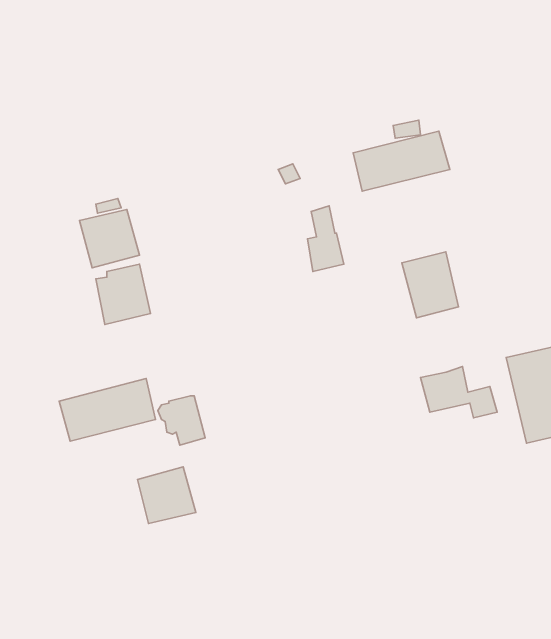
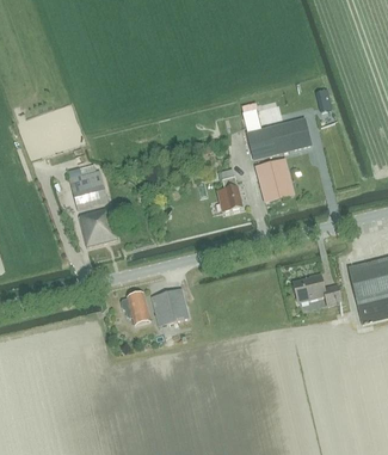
building: [402,252,458,318] -> [255,158,292,201]
building: [59,378,155,441] -> none
building: [138,467,196,523] -> [150,287,189,324]

